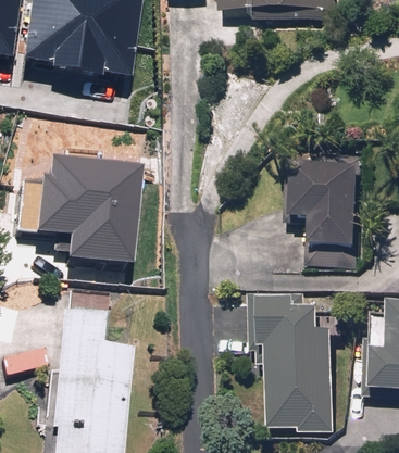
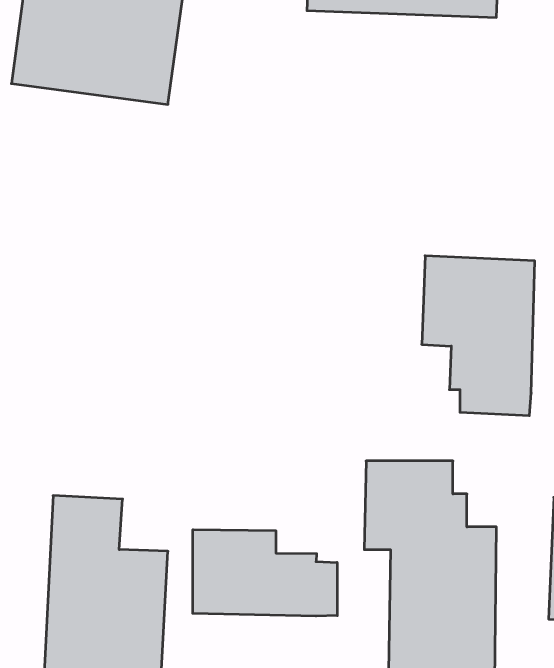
building: [29,160,141,253] -> none
building: none -> [193,530,337,616]

